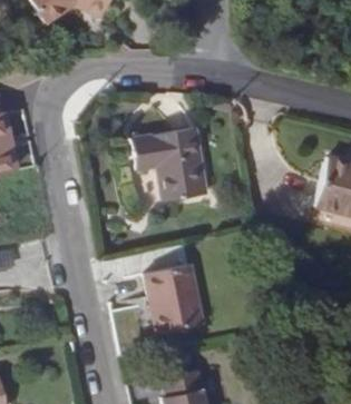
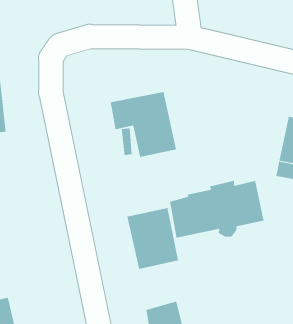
building: none -> [169,180,264,238]

